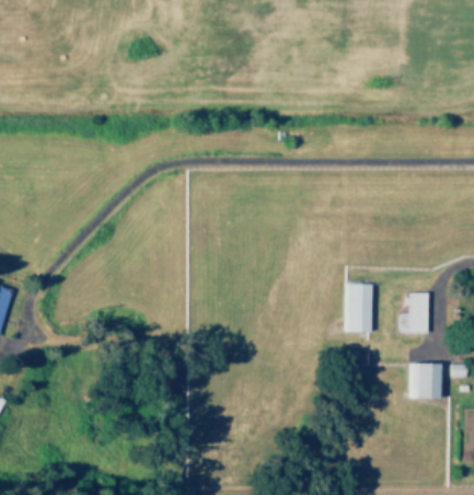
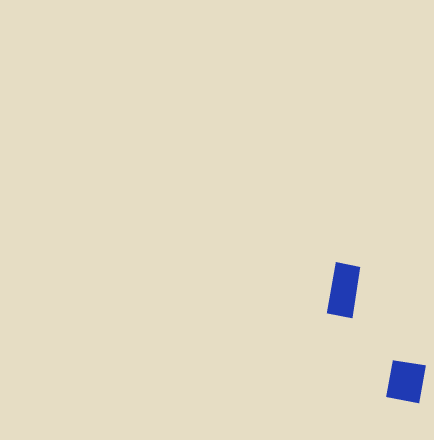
building: [398,292,428,333] -> none

